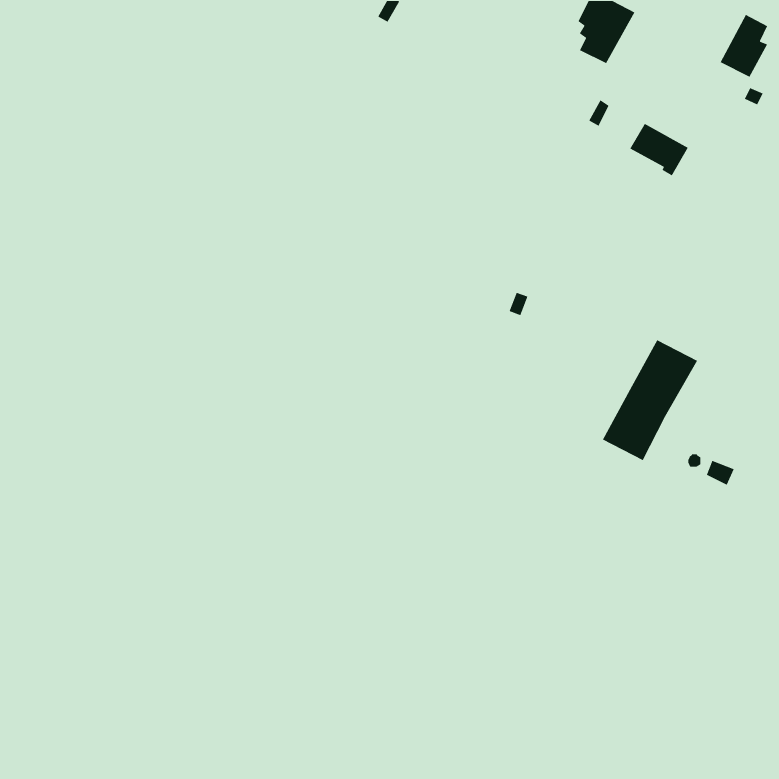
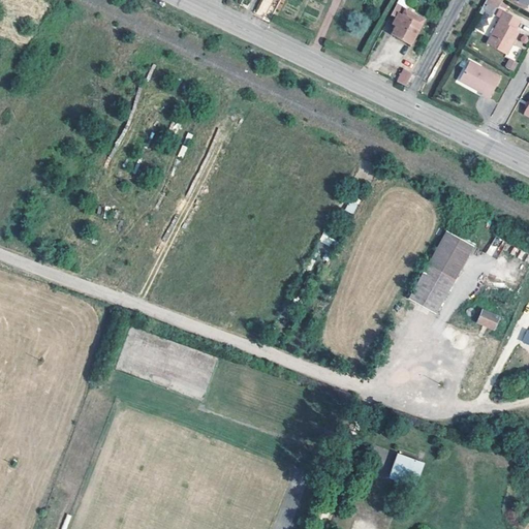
building: [629,123,689,176] -> [459,61,499,97]
building: none -> [387,454,424,489]

